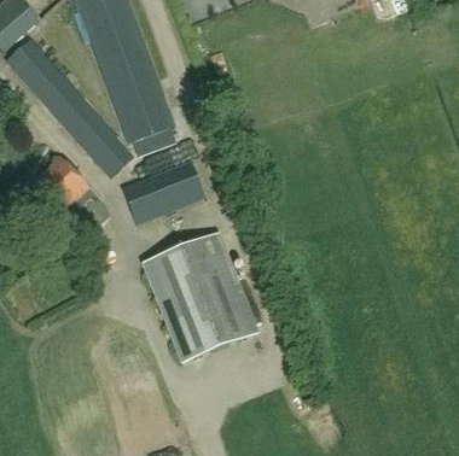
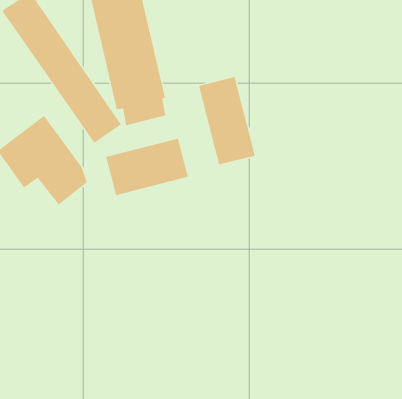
building: none -> [198,76,256,165]
building: [144,232,260,362] -> none

